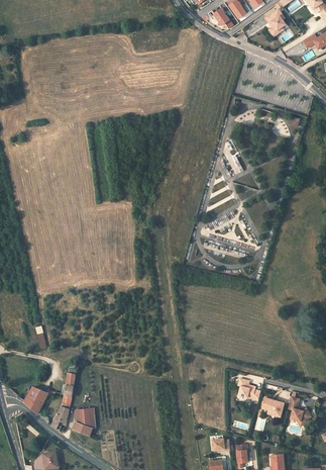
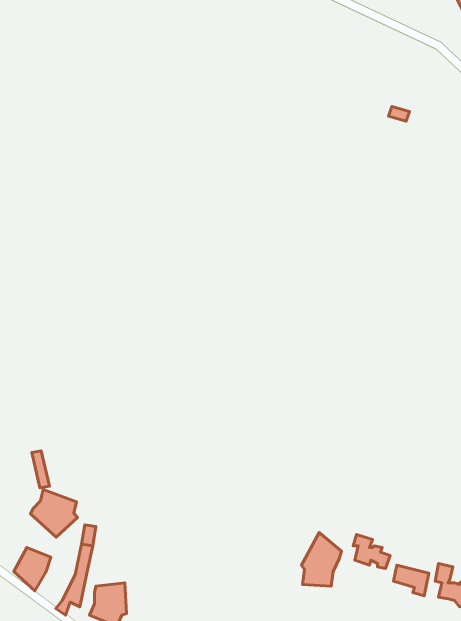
building: none -> [31,490,77,537]
building: none -> [301,532,341,586]

